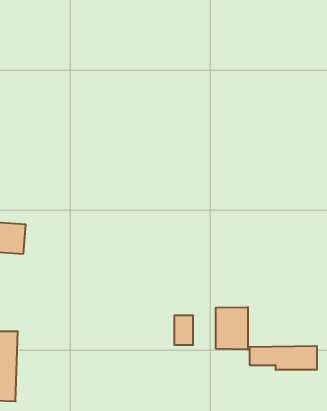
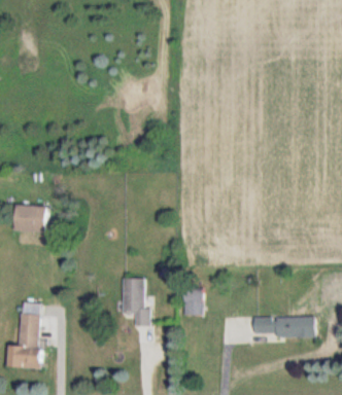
building: none -> [122,278,147,325]
building: [216,307,248,350] -> none

